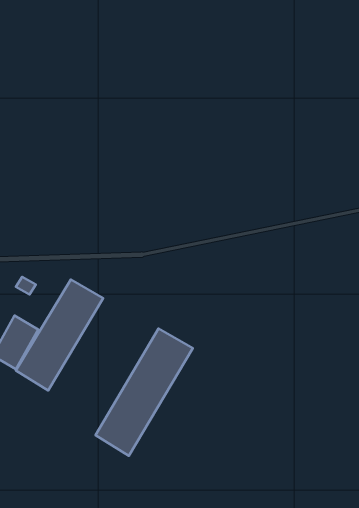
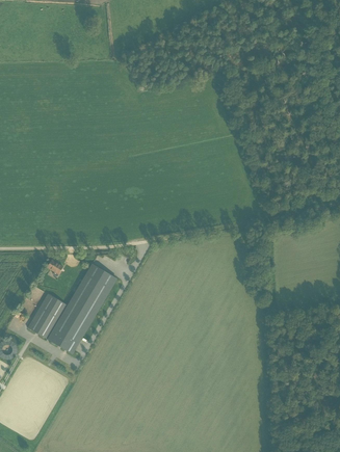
building: [96,329,193,456] -> none

